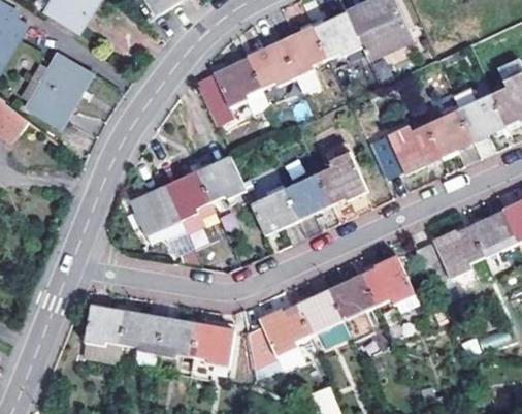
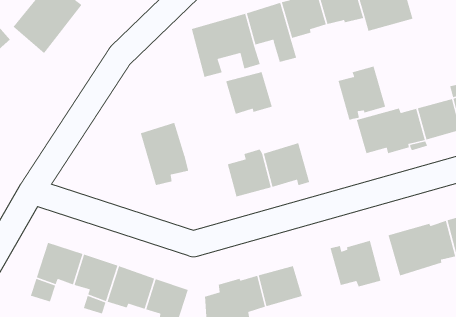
building: [317,153,367,210] -> [337,66,386,121]
building: [195,156,244,201] -> [225,71,273,115]
building: [128,186,185,245] -> none
building: [329,269,377,320] -> none

